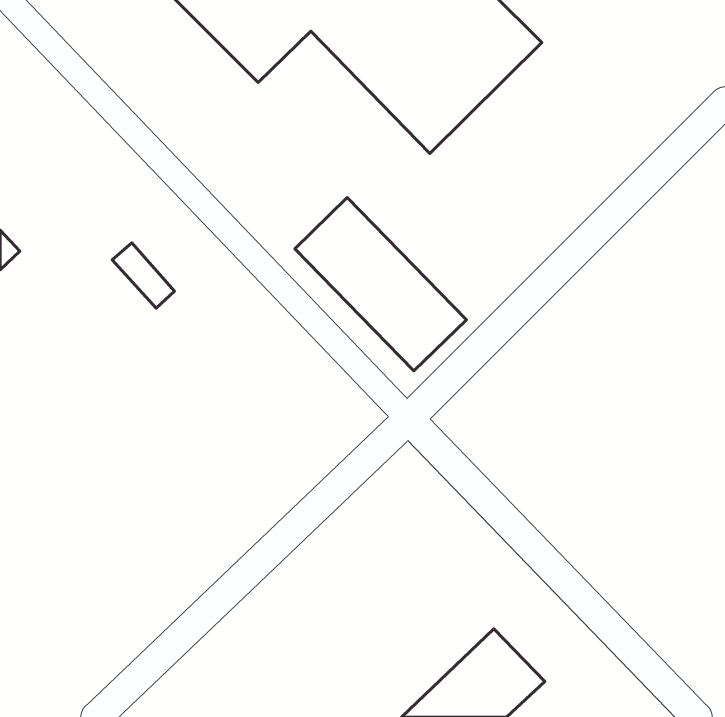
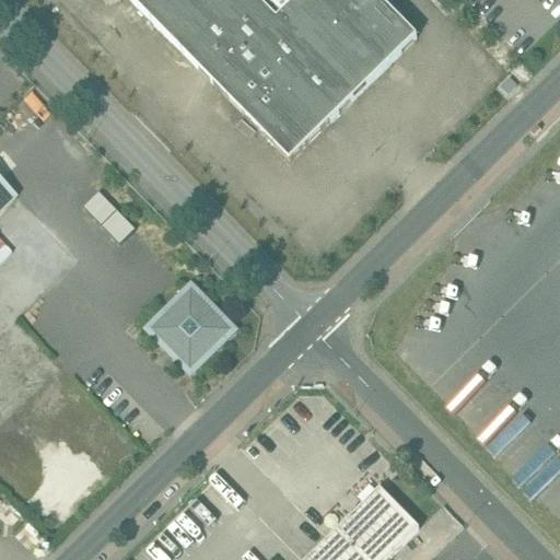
building: [295,198,466,371] -> [199,24,331,158]
building: none -> [151,285,232,366]

